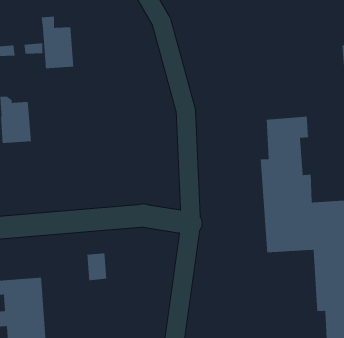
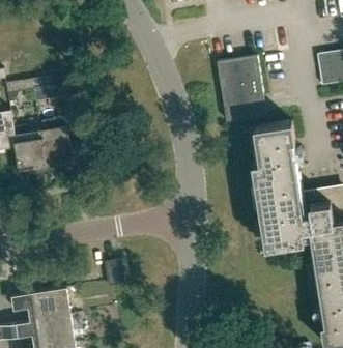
building: [41,16,74,69] -> [37,118,72,167]
building: none -> [216,56,262,122]

